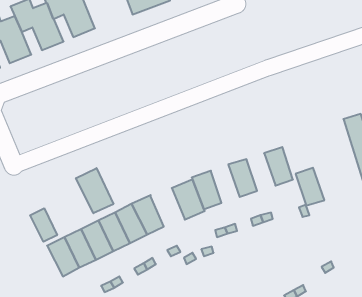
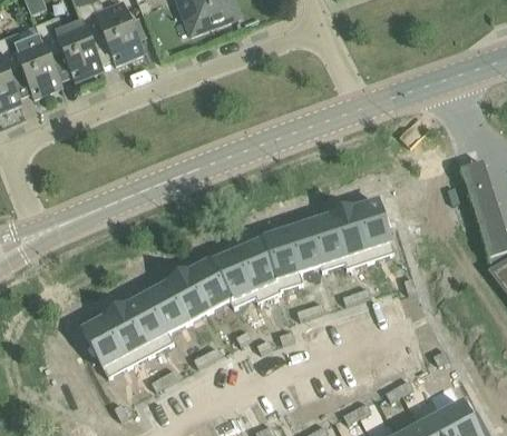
building: none -> [291,224,328,272]
building: [296,168,324,205] -> [337,209,373,257]
building: [76,168,113,213] -> none
building: none -> [214,254,257,305]
building: [30,208,57,242] -> none

